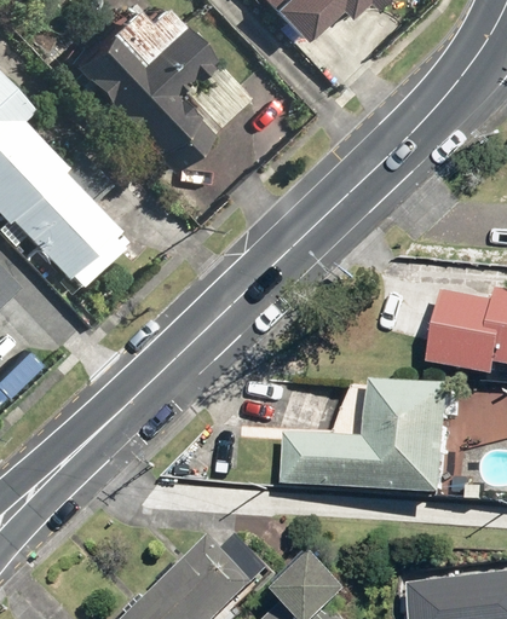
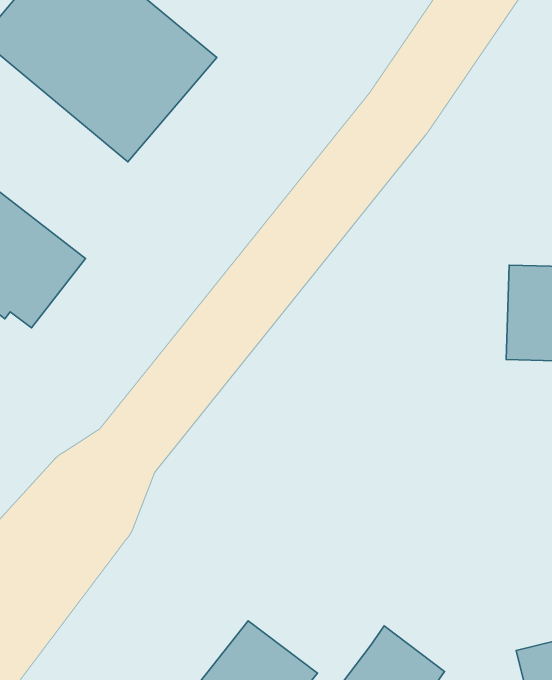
building: [283,380,449,490] -> none

